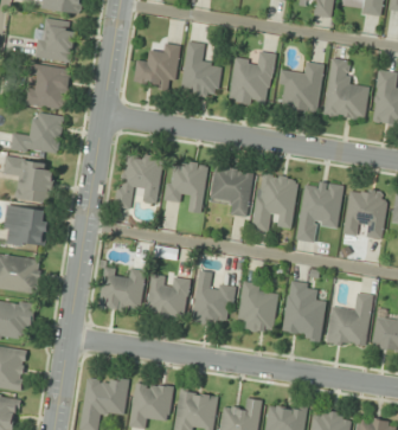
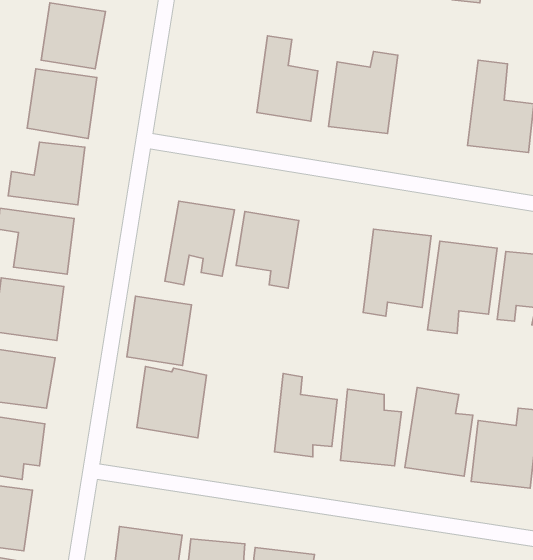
building: [133,41,181,90] -> none
building: [277,62,323,113] -> none
building: [208,165,253,217] -> none
building: [146,274,190,321] -> [127,296,191,366]

